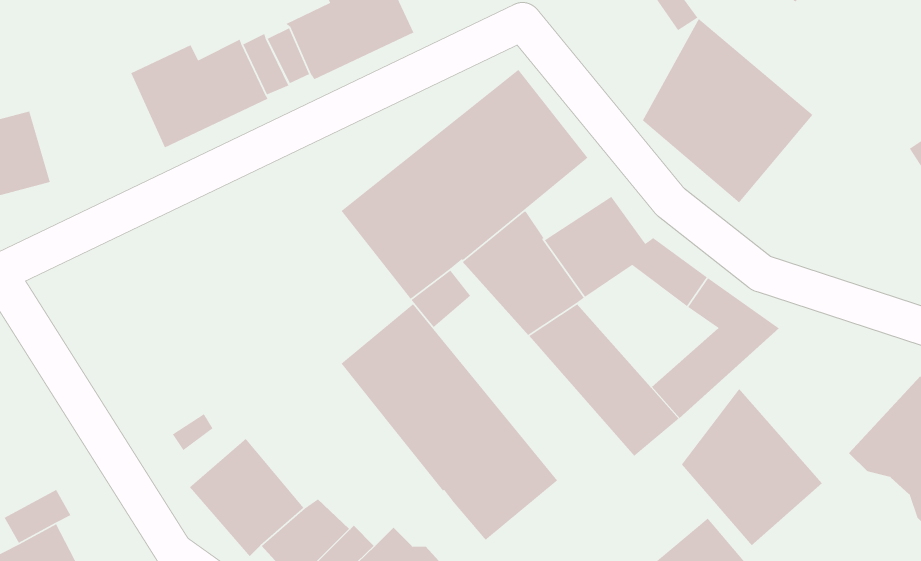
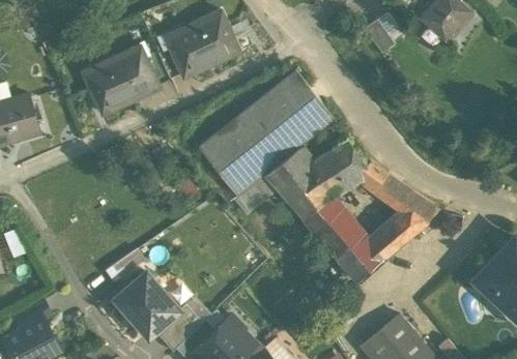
building: [642,18,814,204] -> none
building: [340,303,558,541] -> none
building: [681,388,823,546] -> none

